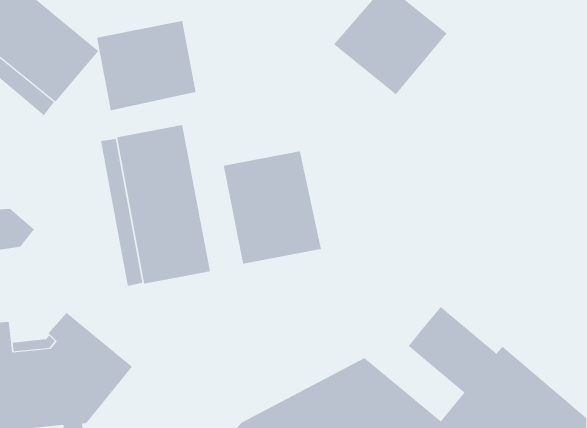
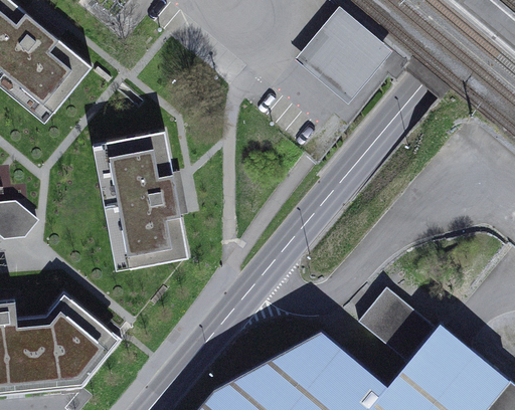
building: [96,20,196,111] -> none
building: [223,151,321,264] -> none

